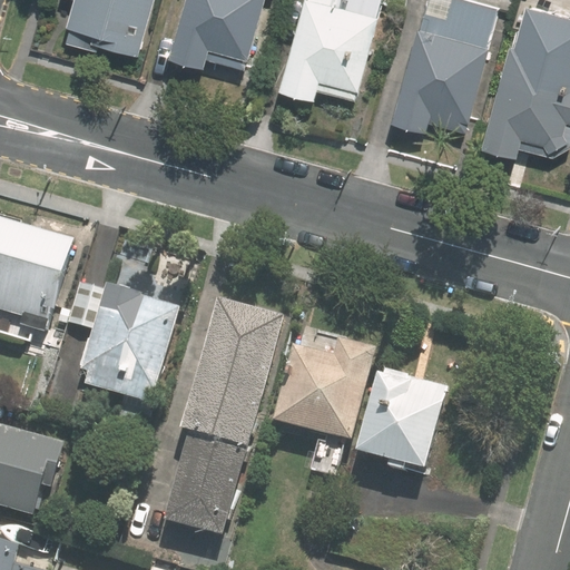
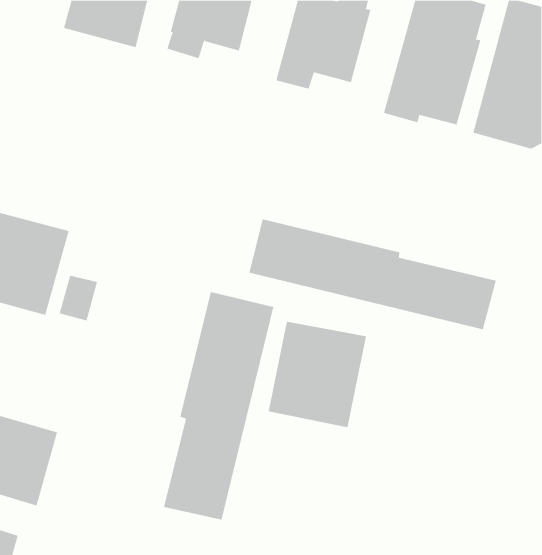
building: none -> [249,219,497,330]
building: [79,284,179,405] -> none
building: [362,368,450,468] -> none

